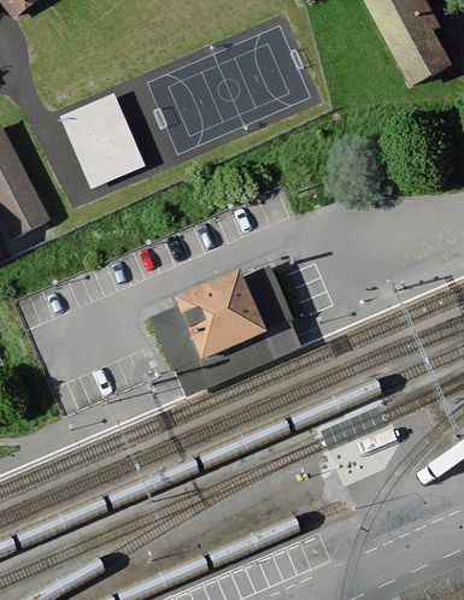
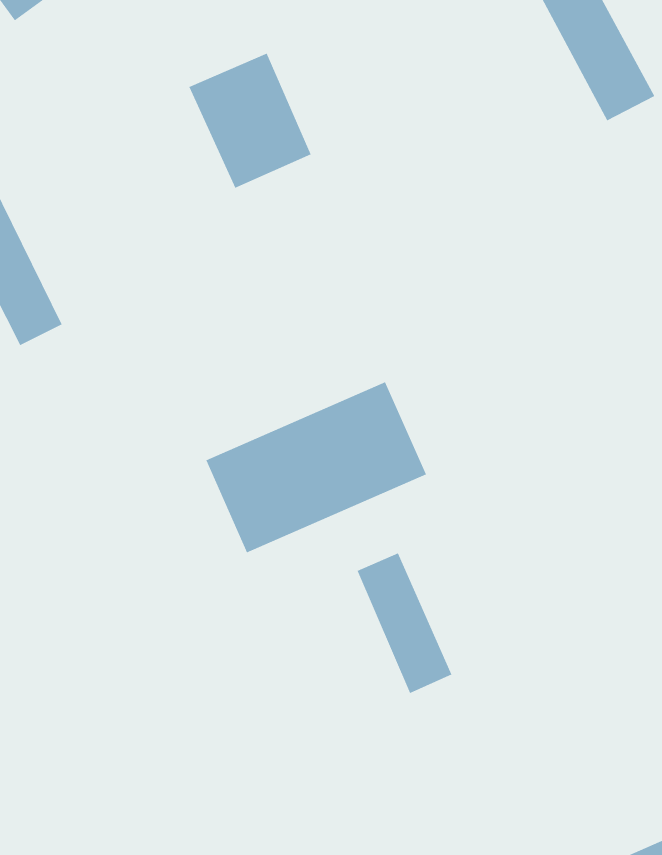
building: [60,93,143,184] -> [188,53,312,188]
building: none -> [357,552,452,694]

